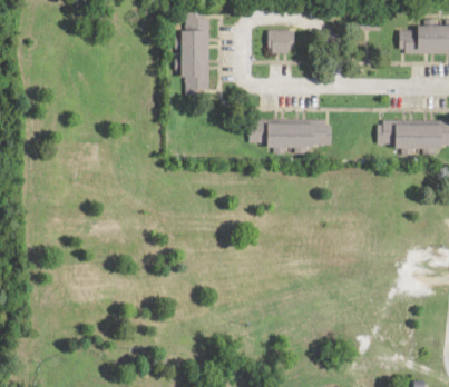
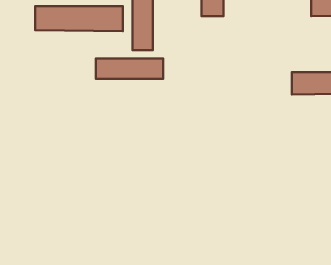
building: none -> [35,6,123,31]
building: [248,121,330,146] -> [96,59,163,79]

